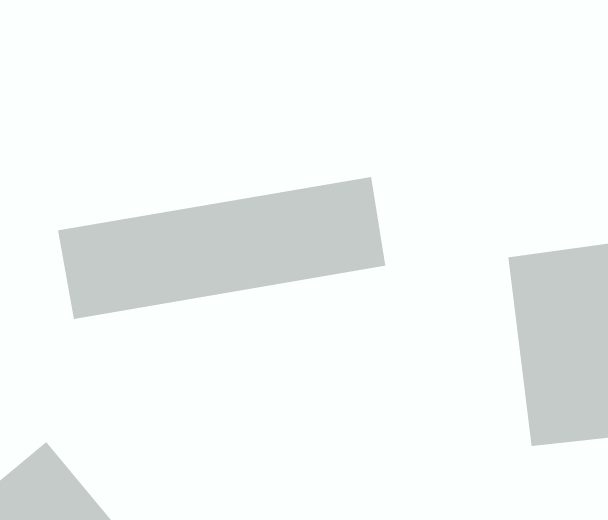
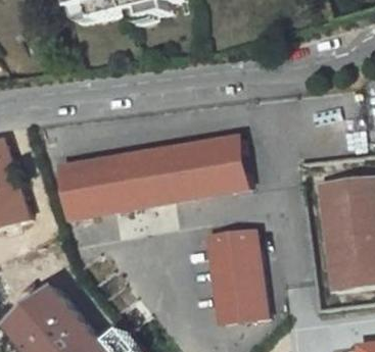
building: none -> [203,230,262,322]

